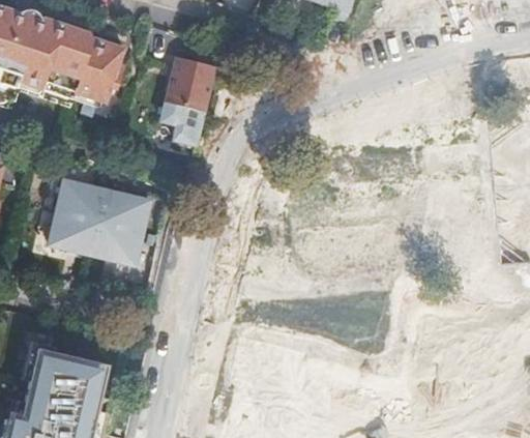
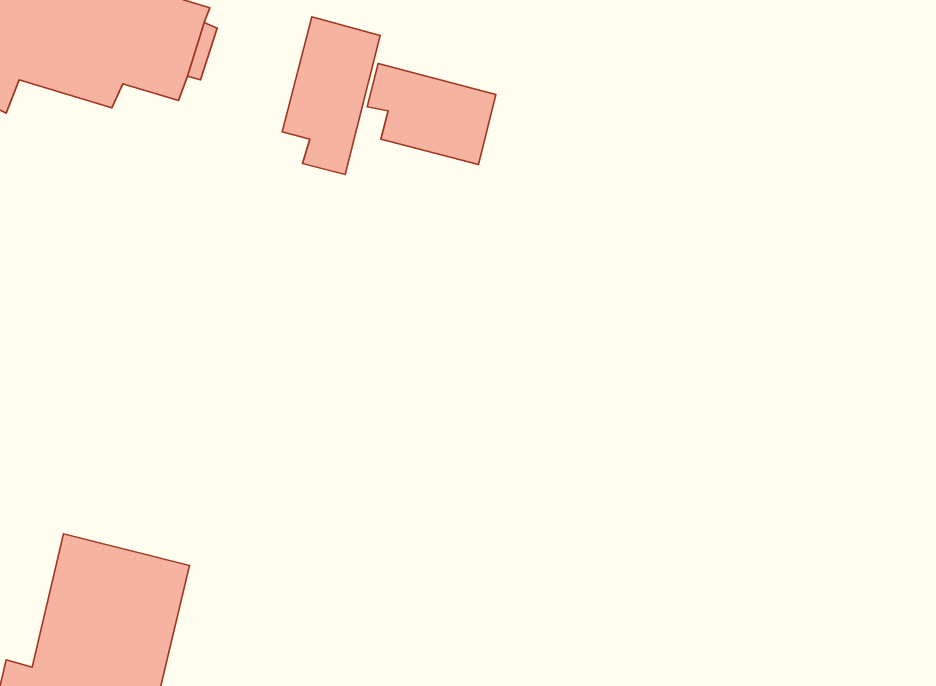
building: none -> [367,64,496,164]
building: [47,176,148,261] -> none

